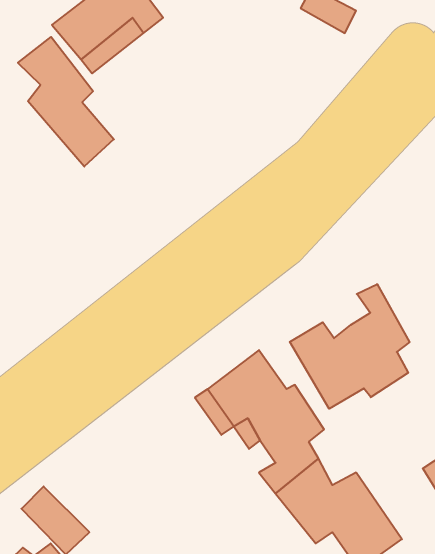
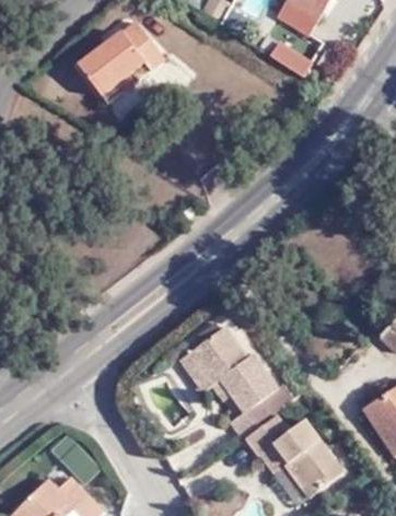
building: [18,37,114,167] -> none
building: [290,284,410,409] -> none

